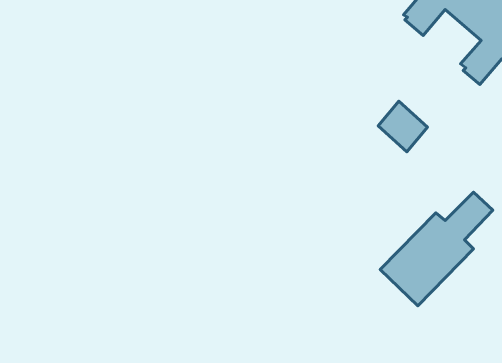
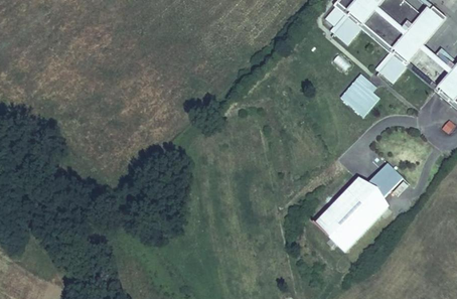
building: [378,101,427,152] -> [342,74,380,114]

